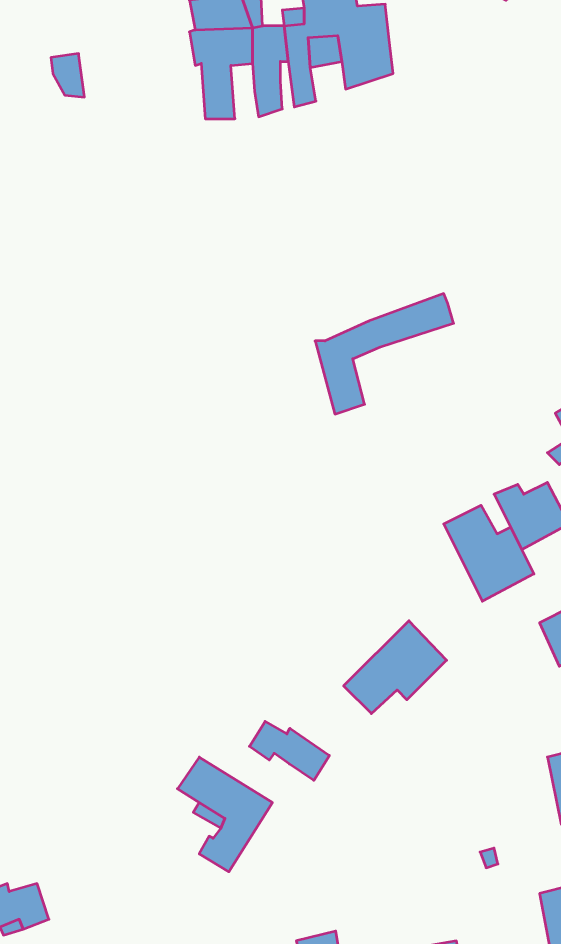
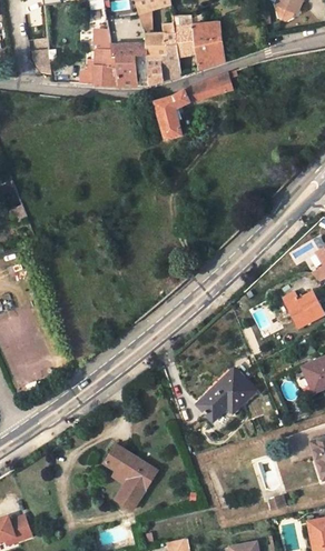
building: none -> [87,36,119,86]
building: [315,294,454,414] -> [156,72,234,140]
building: [444,505,534,601] -> none
building: [249,721,329,780] -> none

